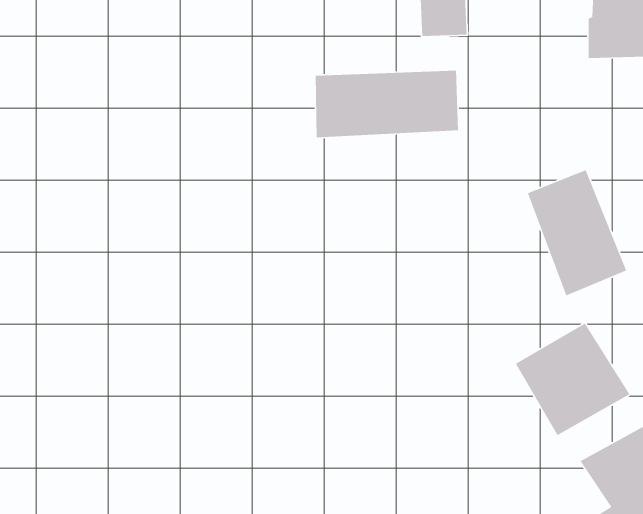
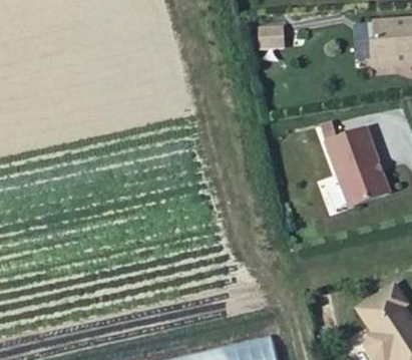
building: [315,70,459,138] -> none
building: [515,323,630,436] -> none

